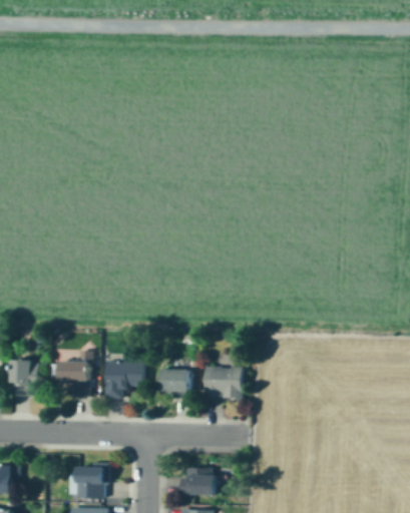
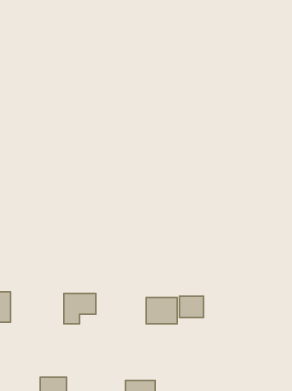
building: [58,357,90,396] -> none
building: none -> [180,296,203,318]
building: [160,368,189,394] -> none

